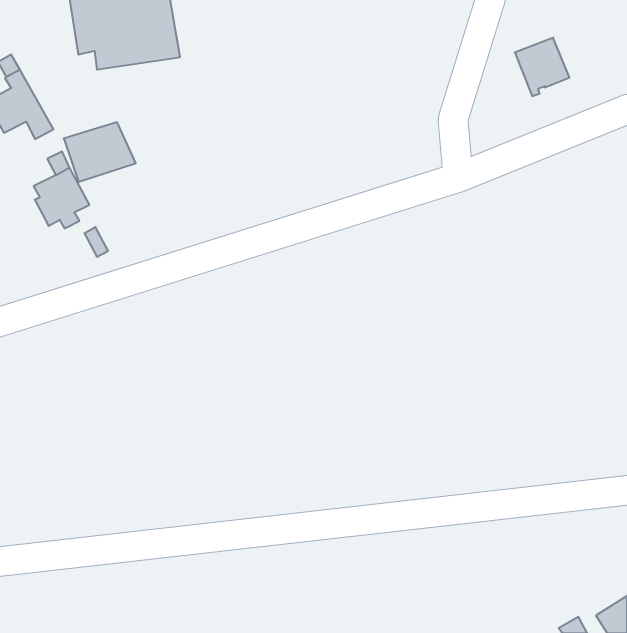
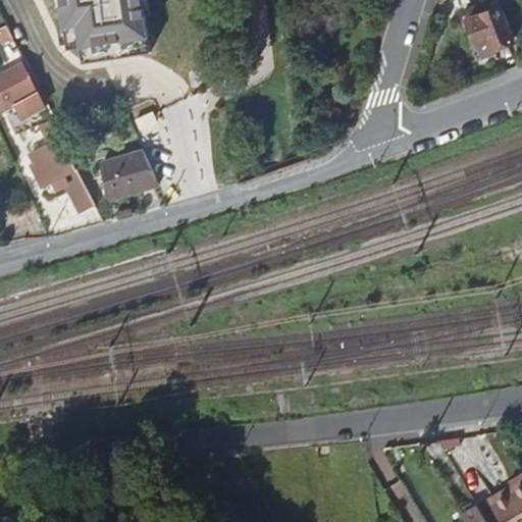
building: [515,38,569,96] -> [464,6,509,54]
building: [64,122,136,182] -> [100,150,159,199]

